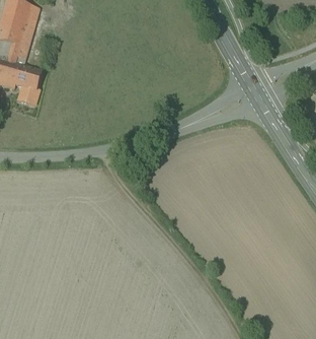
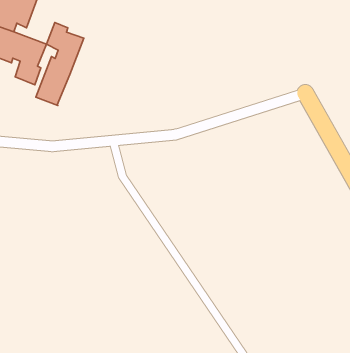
building: none -> [36,23,84,105]

